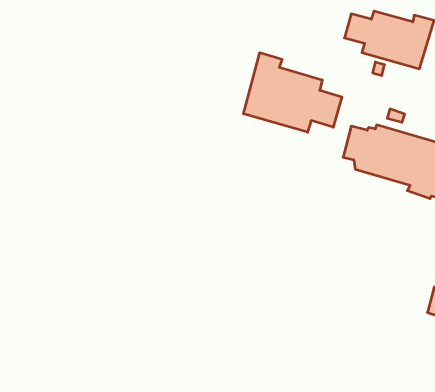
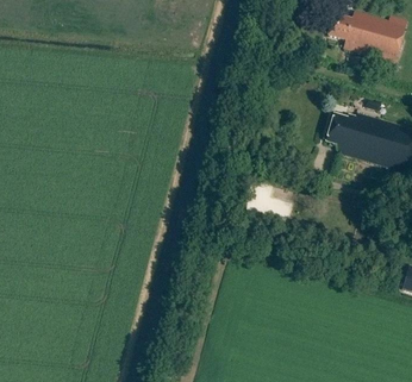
building: [244,53,342,132] -> none

